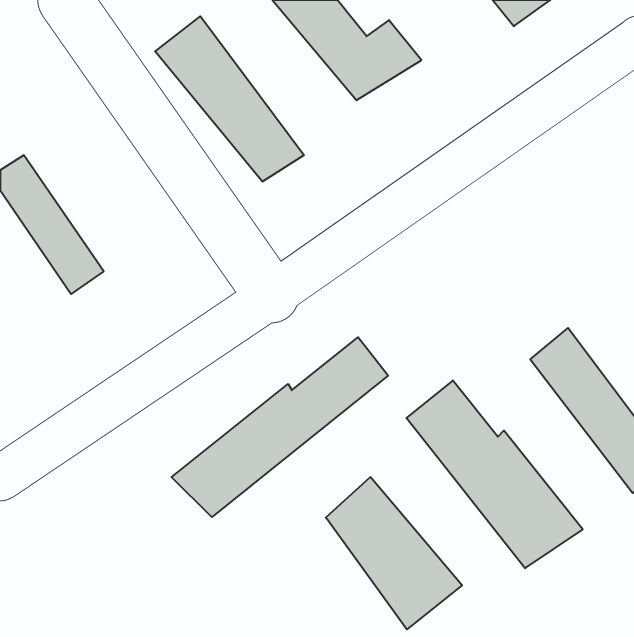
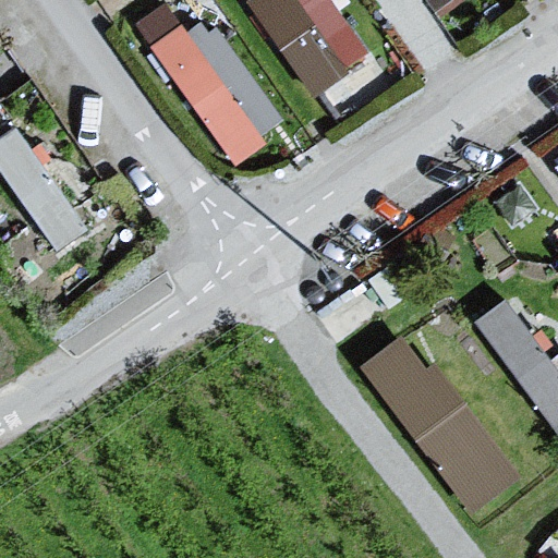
building: [172,337,388,517] -> none
building: [326,477,462,629] -> none

